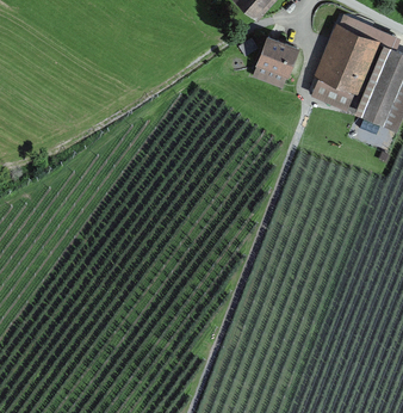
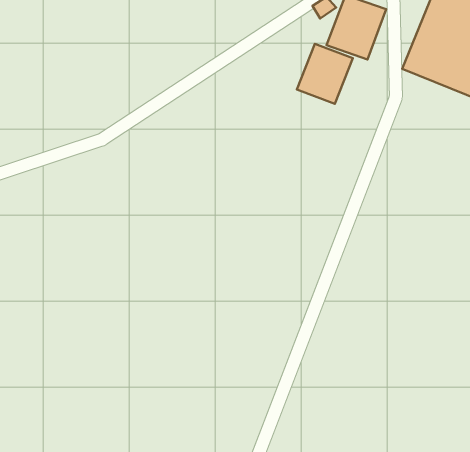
building: none -> [297,44,353,104]

